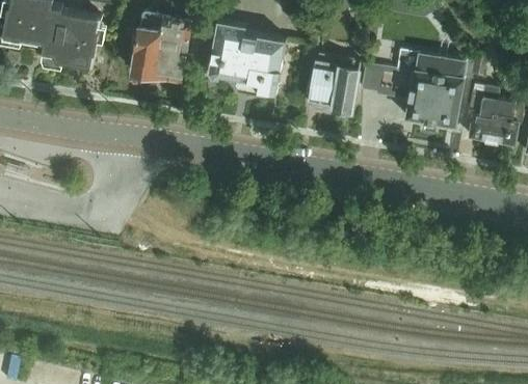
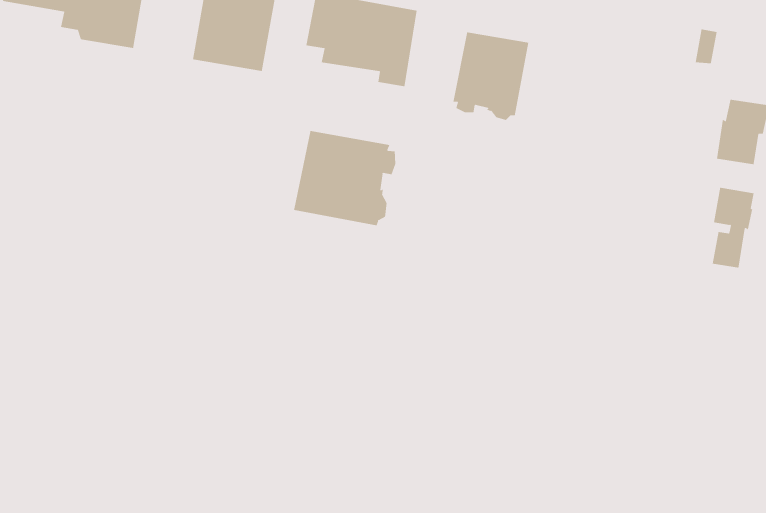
building: [359,51,465,128] -> none
building: [468,87,497,142] -> [712,187,755,268]
building: none -> [294,130,396,226]

